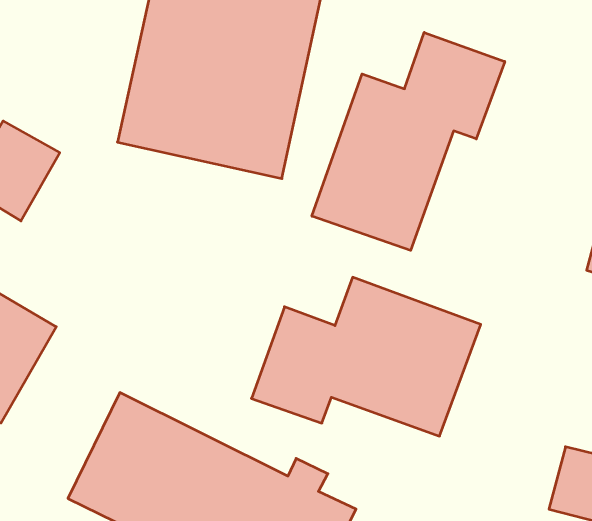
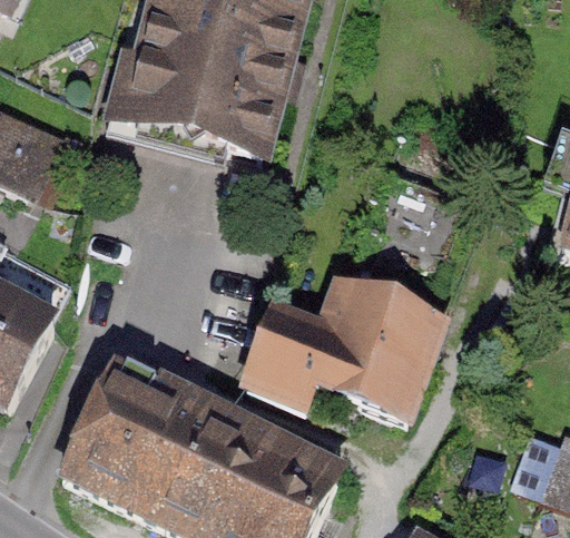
building: [312,32,505,250] -> none

